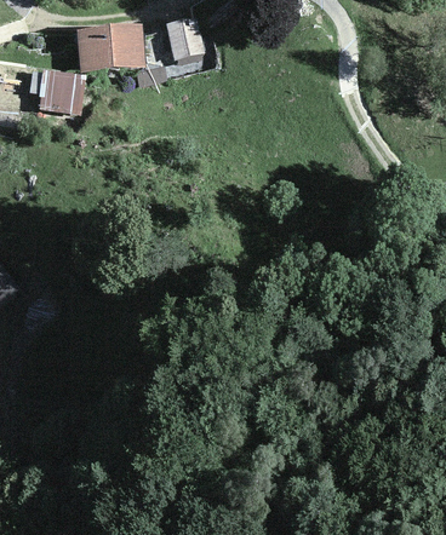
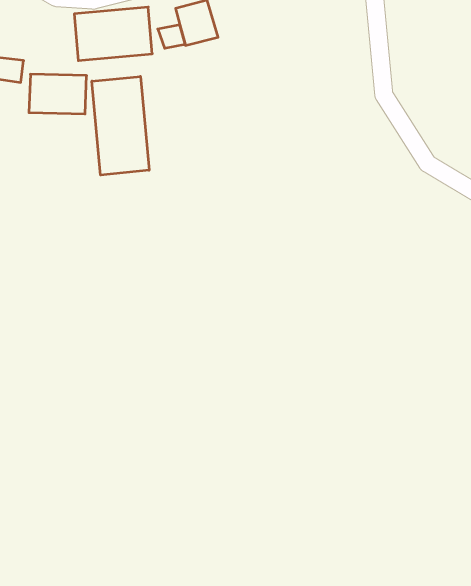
building: none -> [92,76,149,175]

